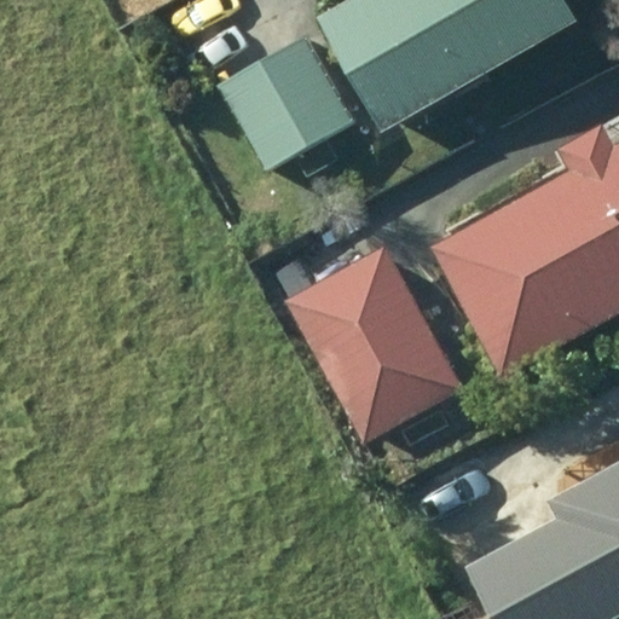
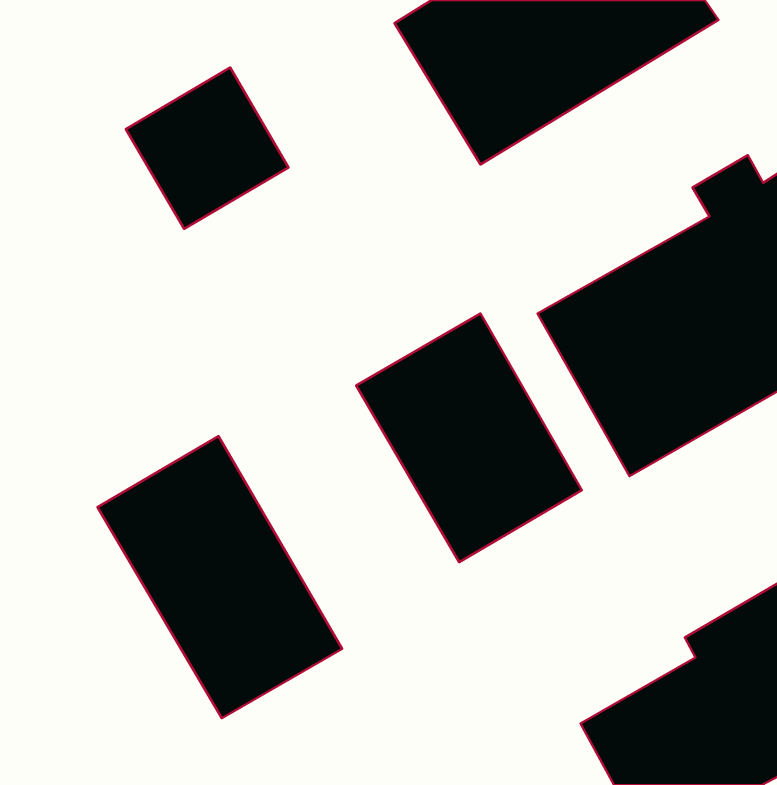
building: [221,41,349,168] -> [126,68,289,229]
building: none -> [97,436,342,718]

